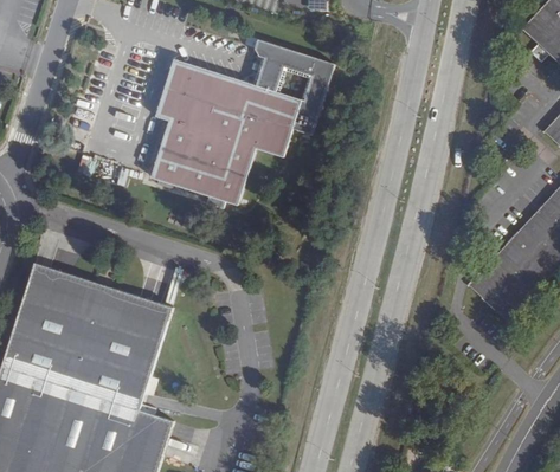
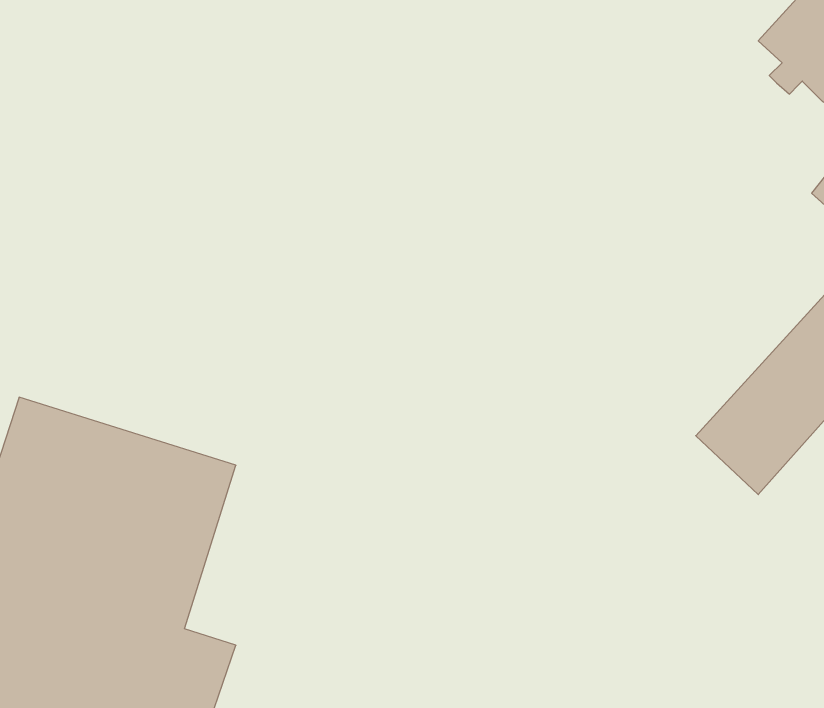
building: [152,41,334,203] -> none

